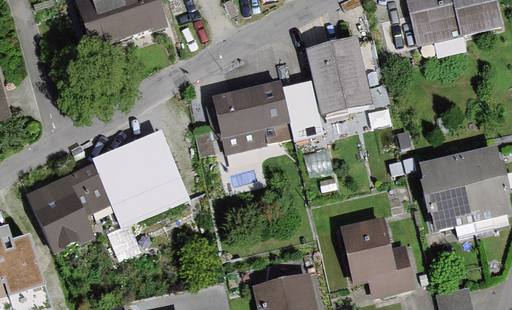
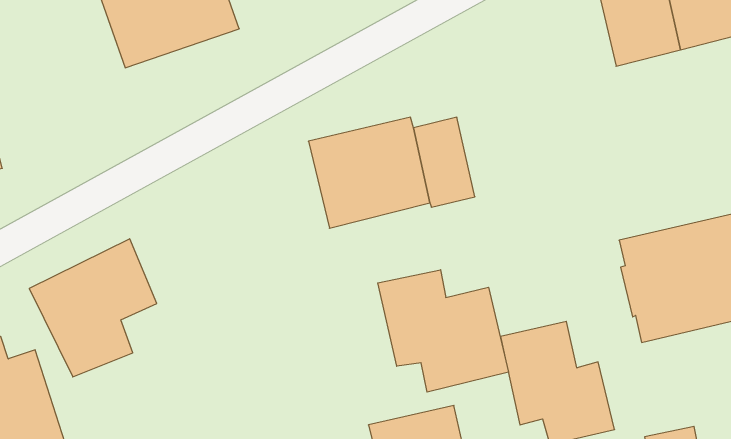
building: [306,37,373,116] -> none
building: [92,130,190,229] -> none
building: none -> [378,270,508,392]

